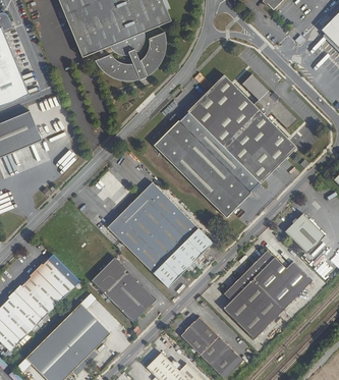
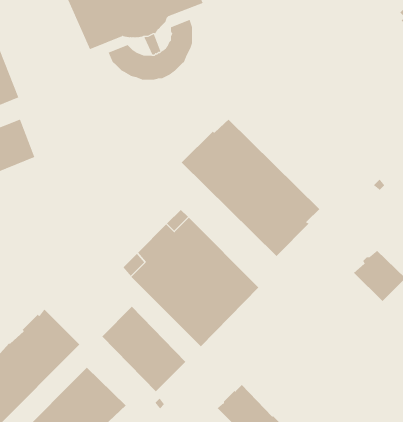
building: [188,73,297,182] -> none
building: [223,250,313,338] -> none

